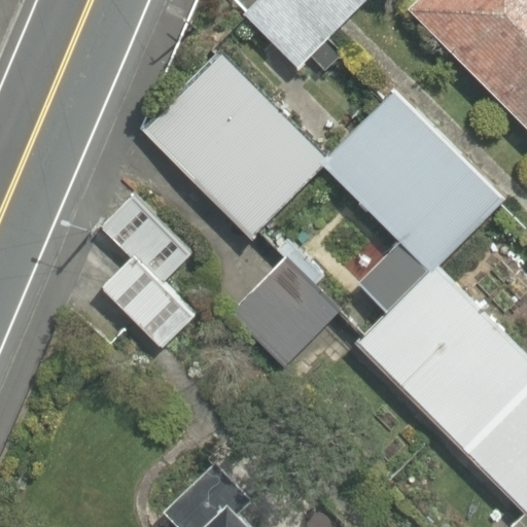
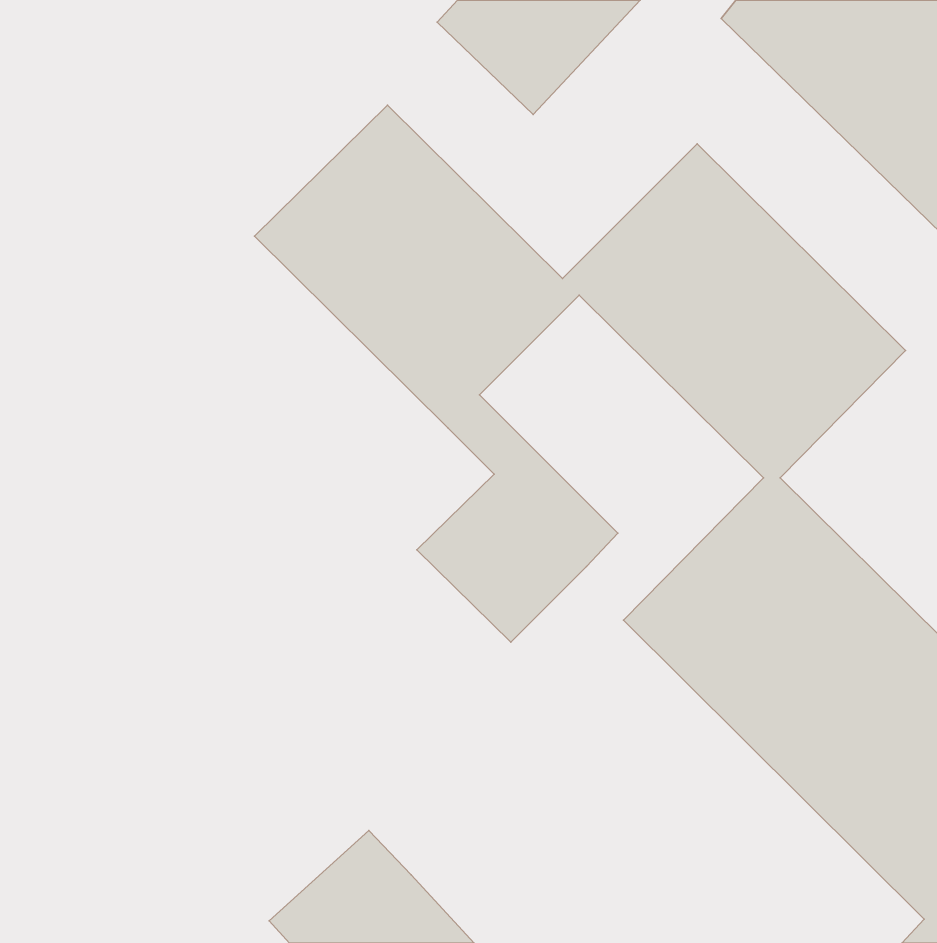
building: [98,192,196,346] -> none

